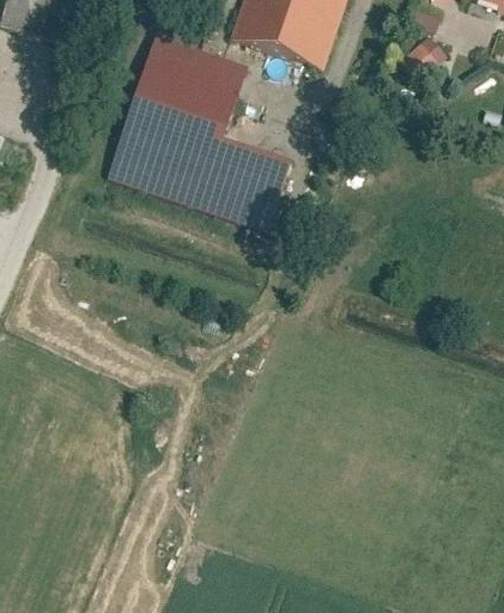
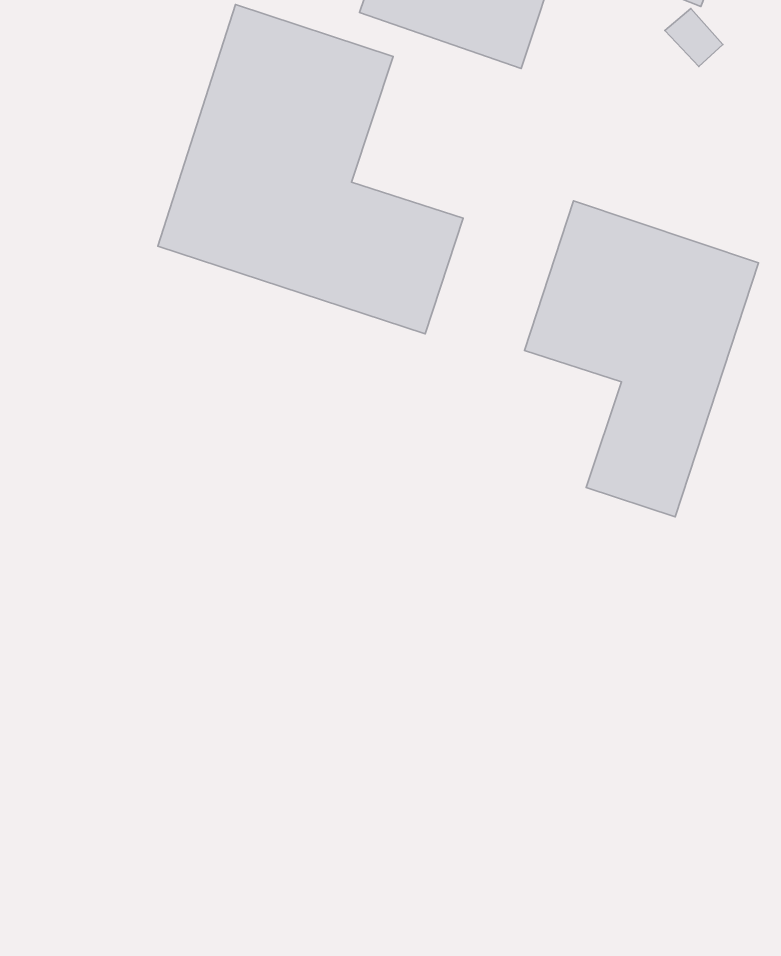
building: none -> [525,201,759,517]

